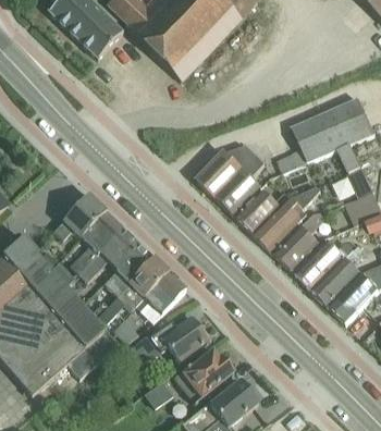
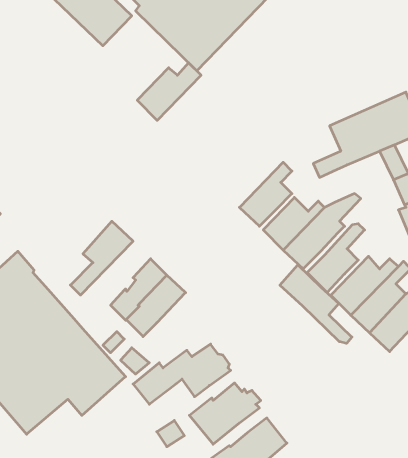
building: [199,147,255,197] -> [137,63,201,120]
building: [54,193,106,238] -> none
building: [78,226,139,280] -> none
building: none -> [280,265,352,343]
building: [136,271,186,322] -> none

